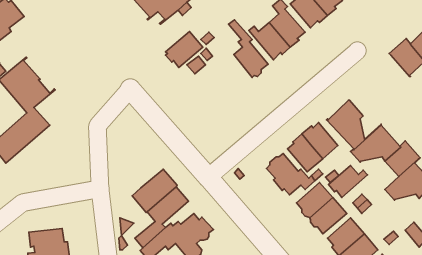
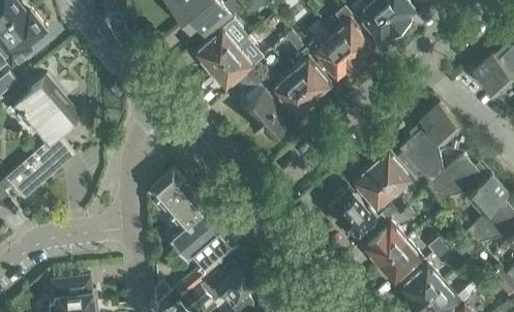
building: none -> [194,28,238,69]
building: none -> [271,72,311,115]
building: none -> [242,91,288,136]
building: none -> [418,102,461,146]
building: none -> [148,169,206,228]
building: [328,165,367,198] -> none

